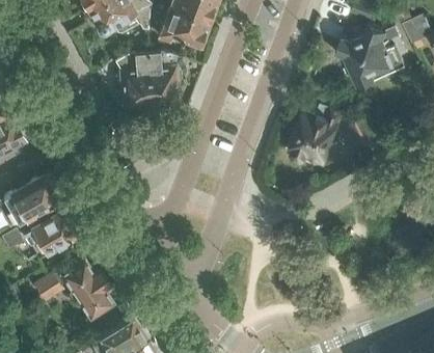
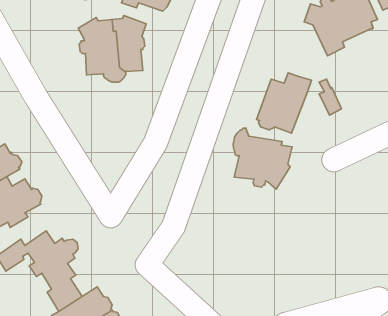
building: none -> [233,128,292,189]

